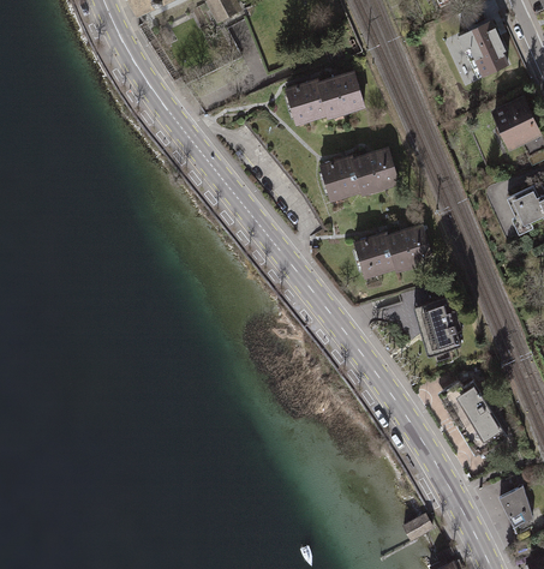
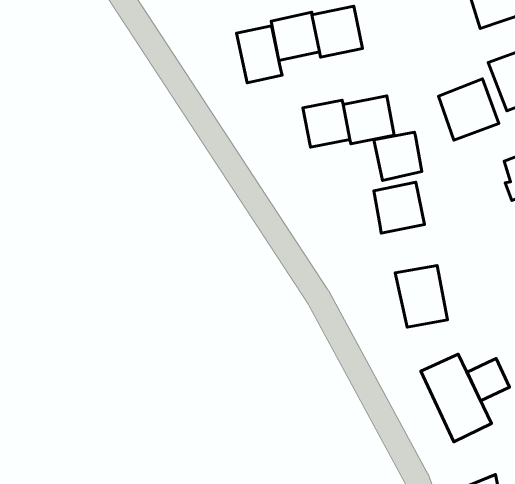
building: none -> [236,26,282,83]
building: none -> [438,79,499,140]
building: [353,232,399,277] -> [374,132,422,180]
building: none -> [467,358,510,401]

